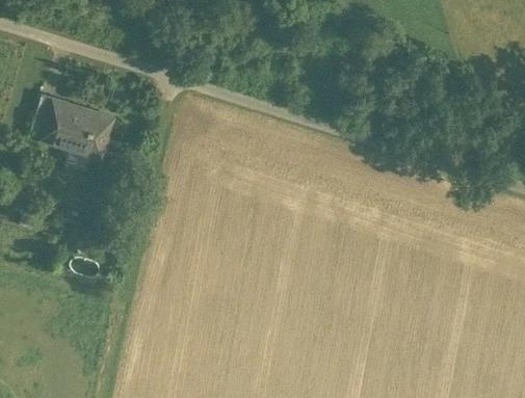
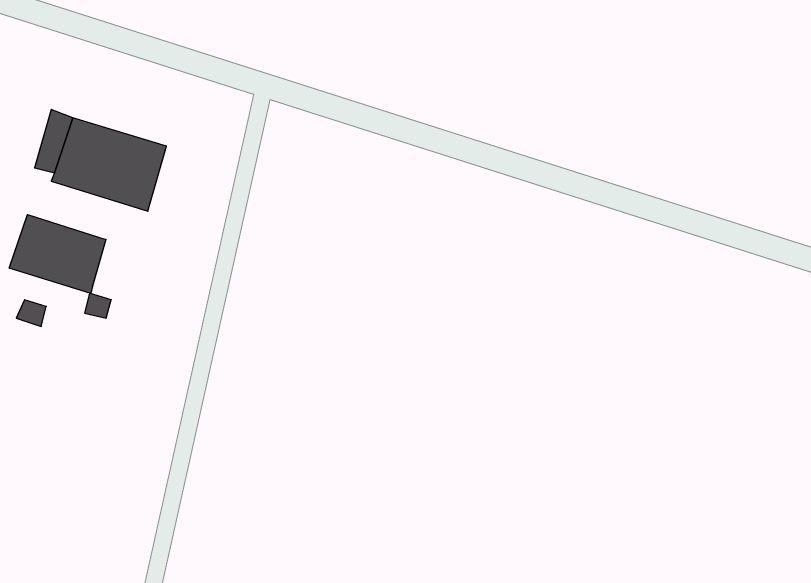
building: none -> [9,215,106,293]

